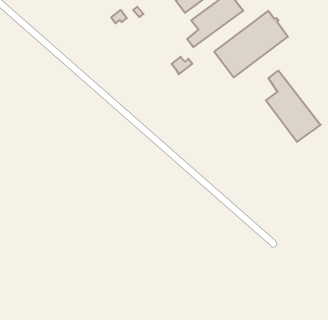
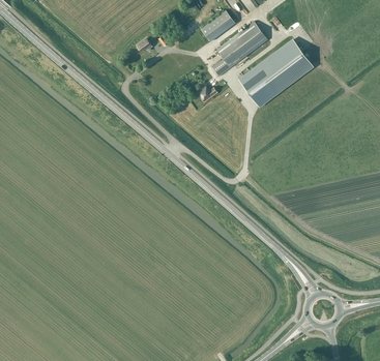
building: [266,71,321,142] -> none

